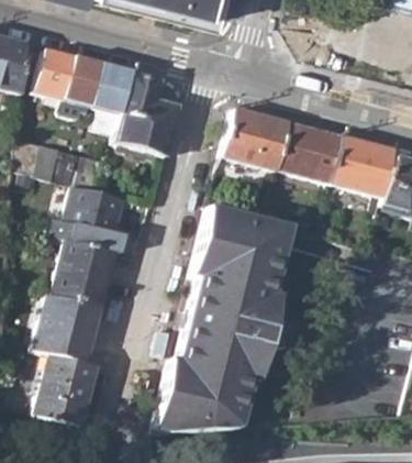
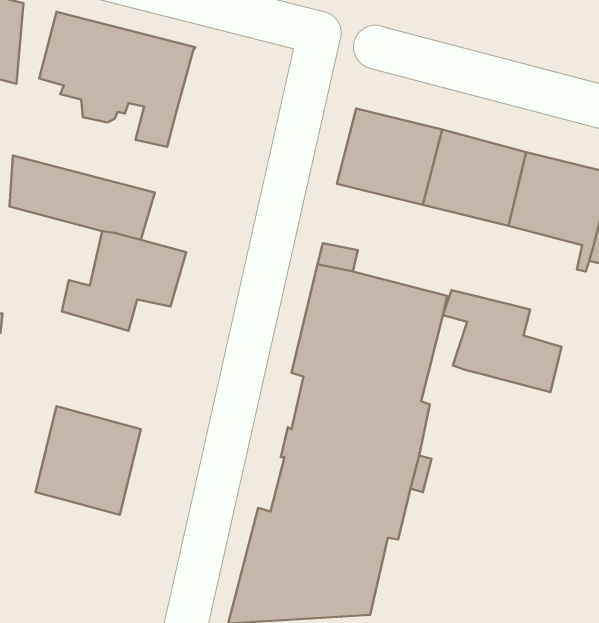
building: [115,73,181,157] -> none
building: none -> [443,290,562,392]
building: [53,241,116,310] -> none
building: [35,354,99,425] -> none

